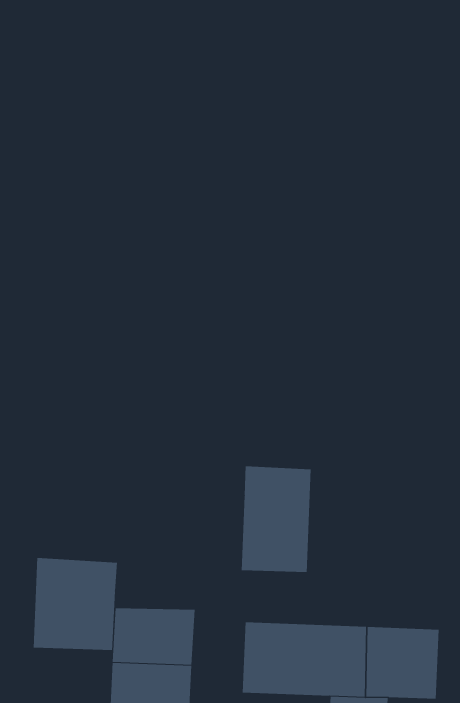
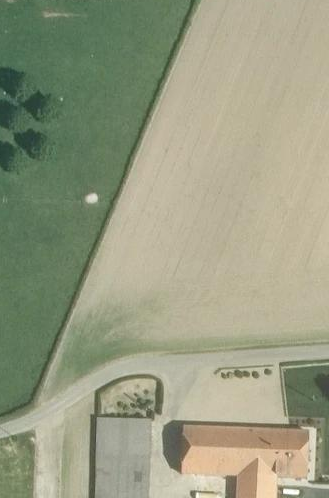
building: [241,465,311,573] -> none
building: [33,557,118,651] -> none

